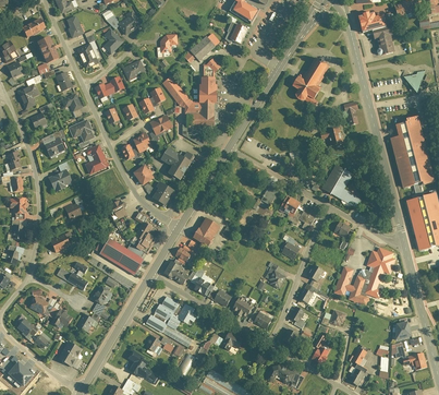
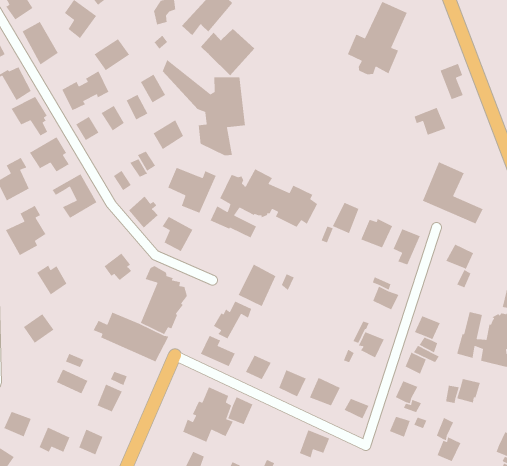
building: none -> [209,168,318,238]

